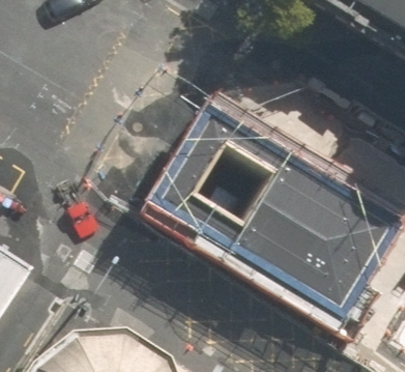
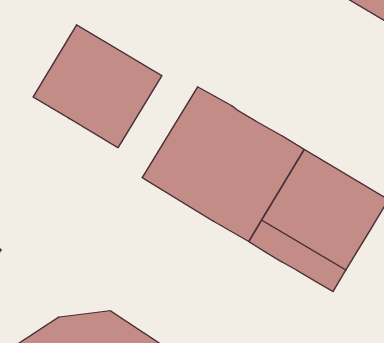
building: none -> [33,25,162,148]

